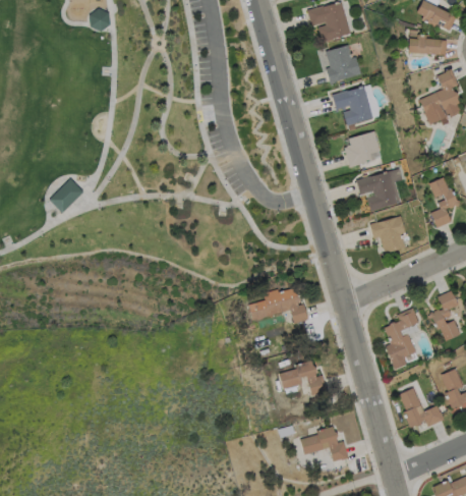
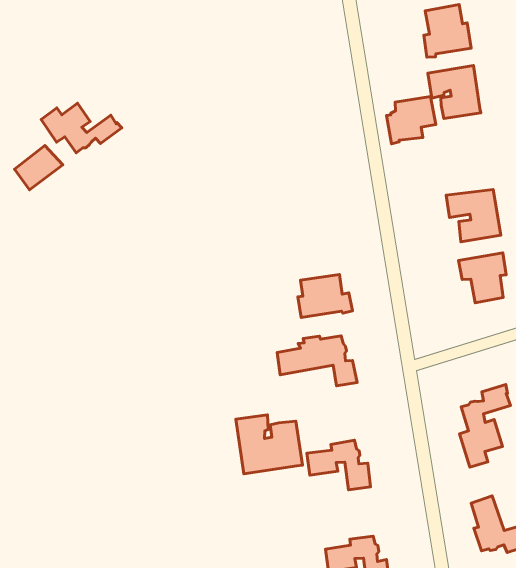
building: [344,130,380,167] -> [386,96,436,144]
building: none -> [41,103,122,153]
building: none -> [298,275,352,317]
building: none -> [236,415,302,474]

